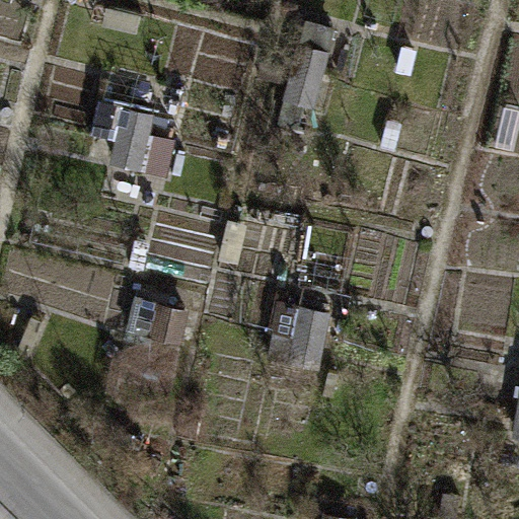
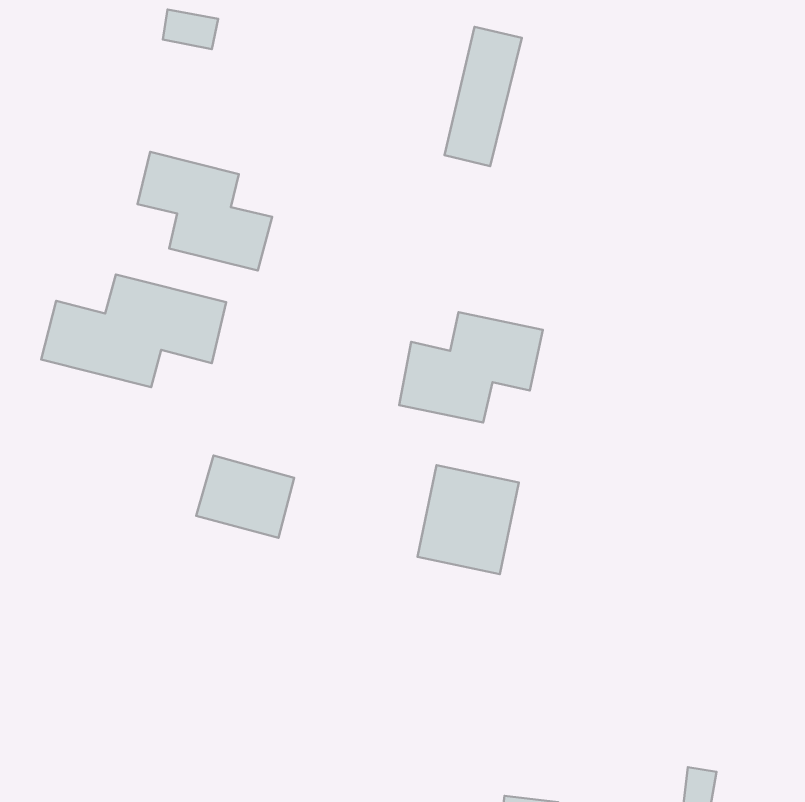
building: none -> [41,275,226,387]
building: none -> [399,312,543,423]

